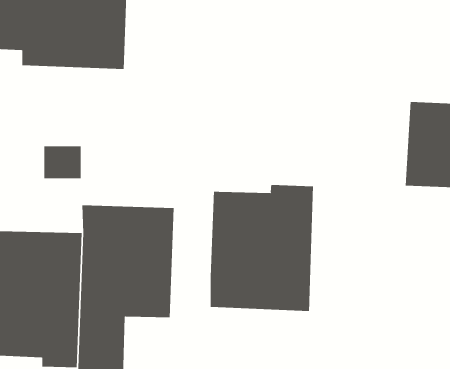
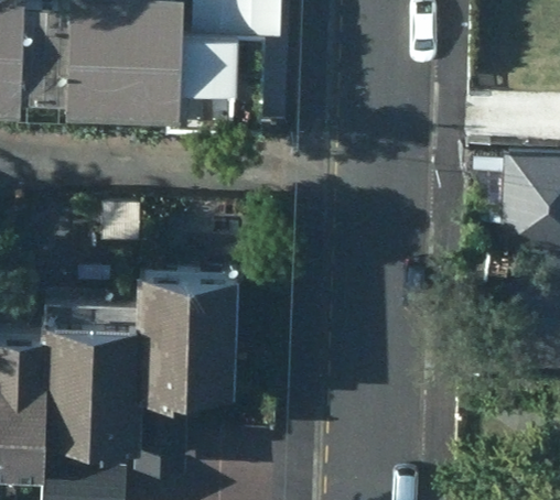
building: [210,184,314,312] -> none

